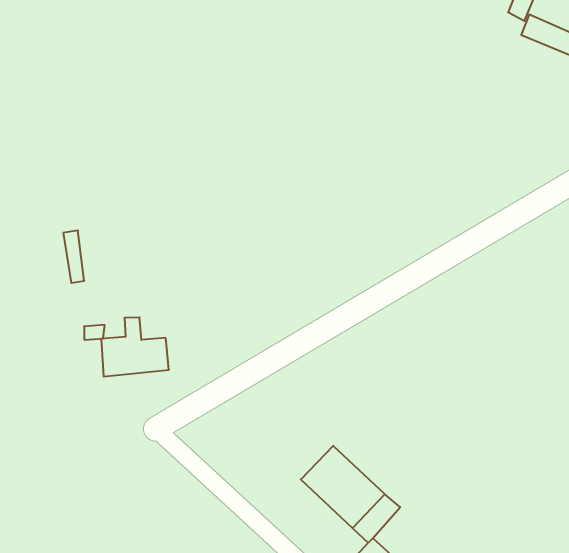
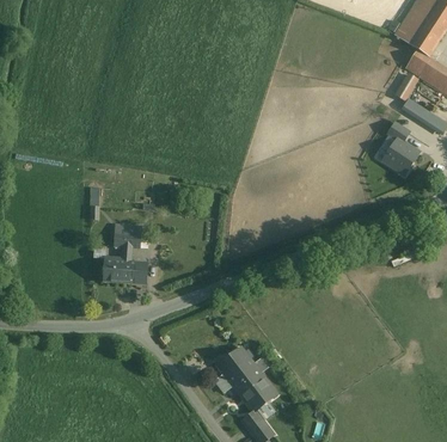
building: none -> [381,136,421,176]
building: none -> [114,225,141,247]

